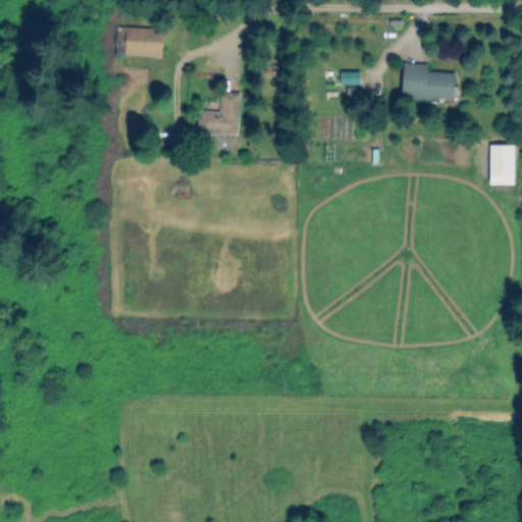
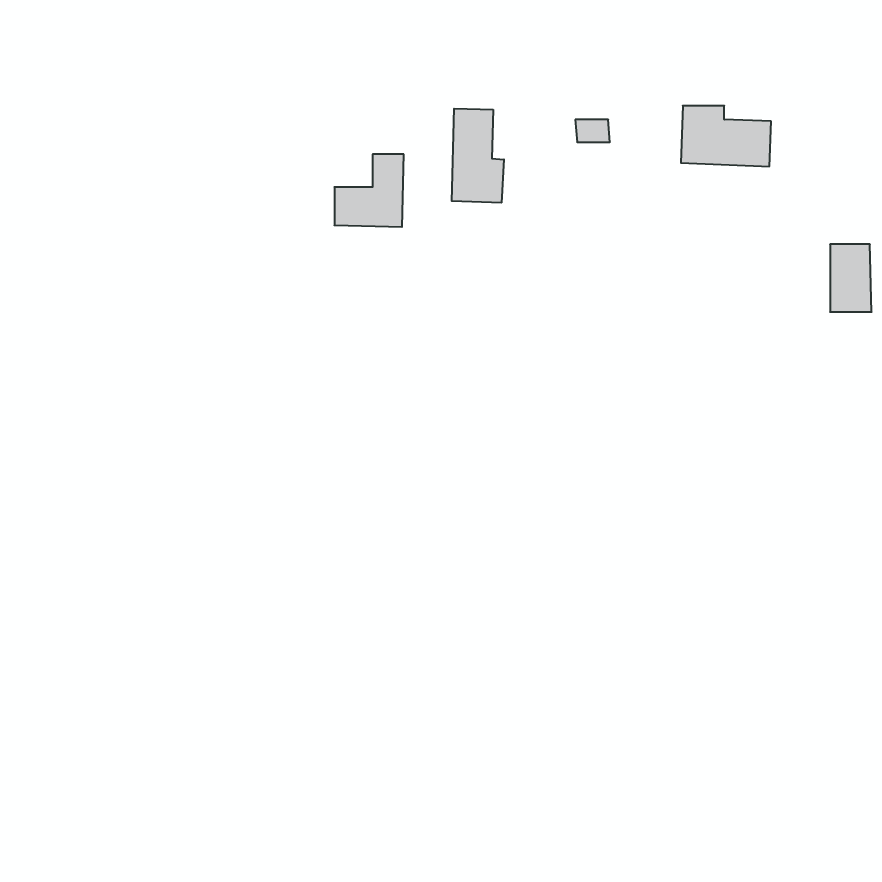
building: [118,29,163,58] -> none
building: none -> [452,109,504,203]

